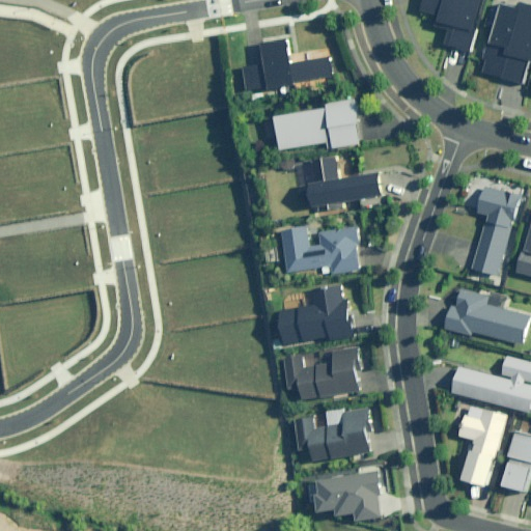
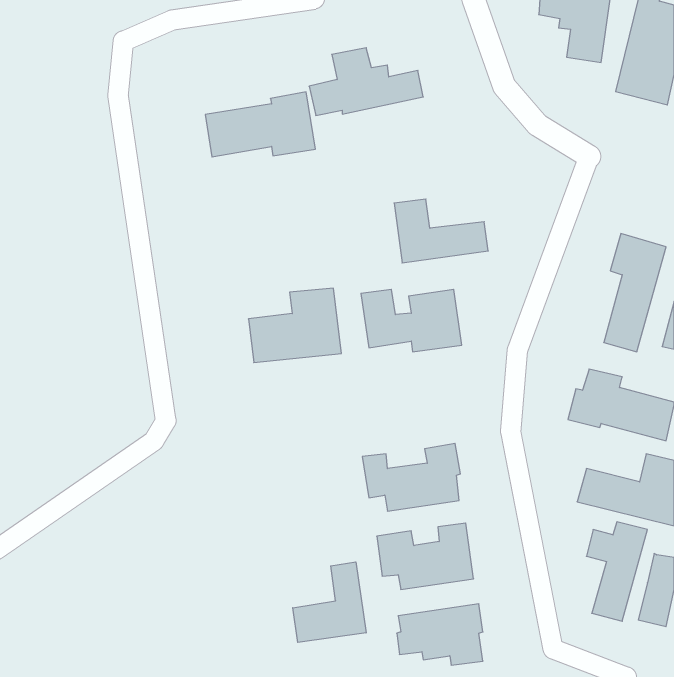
building: [276,99,362,149] -> [205,92,315,157]
building: [280,285,353,343] -> [248,288,341,363]
building: none -> [293,562,366,642]

